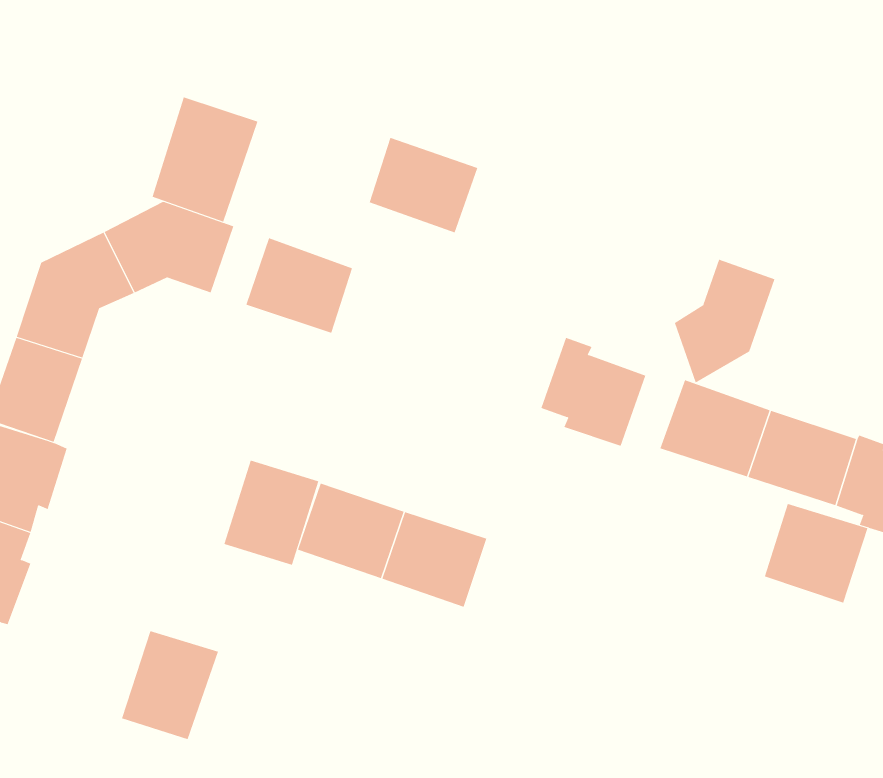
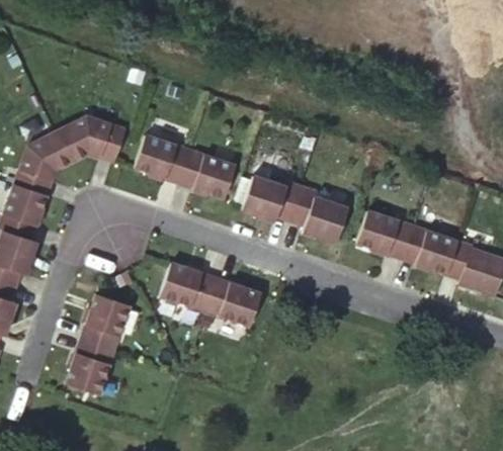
building: [152,96,258,222] -> none
building: [369,137,478,233] -> [178,149,236,199]
building: [674,259,775,383] -> none
building: none -> [242,174,302,222]
building: [223,460,319,565] -> [82,295,133,351]
building: [764,503,868,604] -> none

